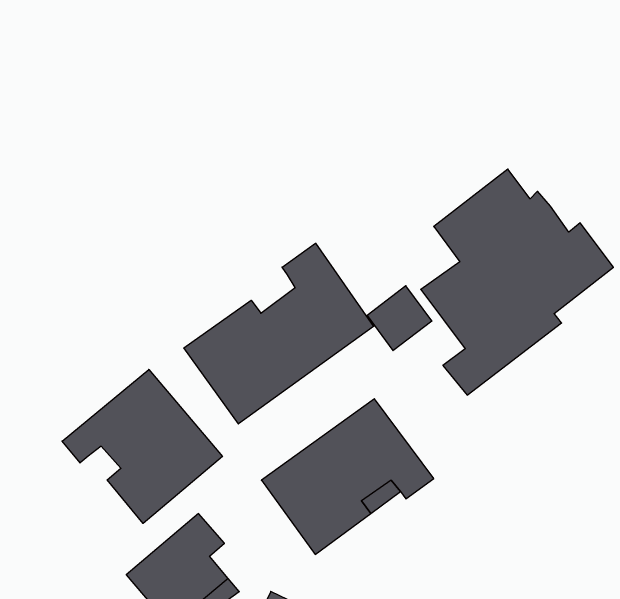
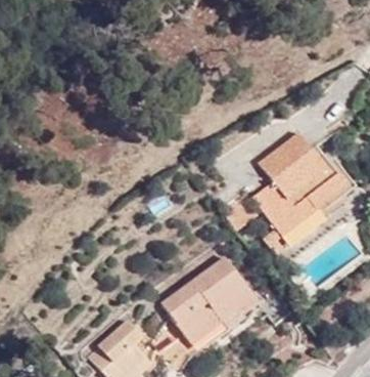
building: [184,243,374,424] -> none
building: [62,369,222,523] -> none

